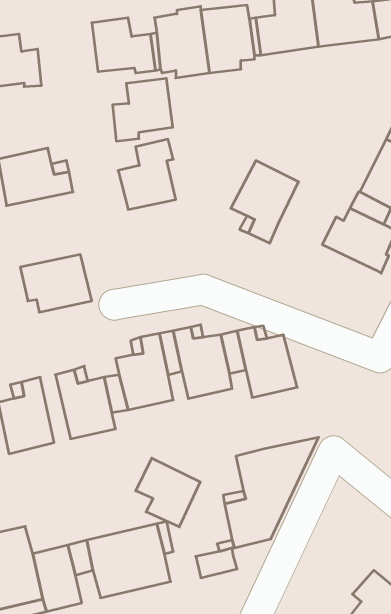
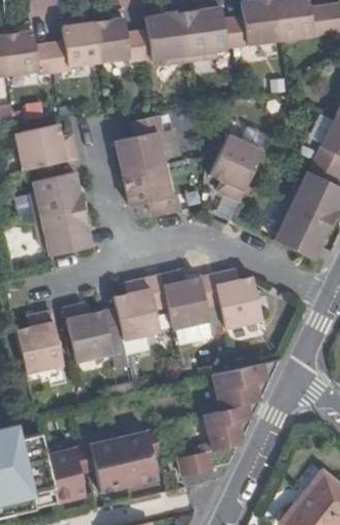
building: [113,78,173,141] -> [50,21,99,72]
building: none -> [124,165,179,217]
building: none -> [30,169,90,220]
building: none -> [271,202,328,257]
building: [136,458,200,527] -> none

